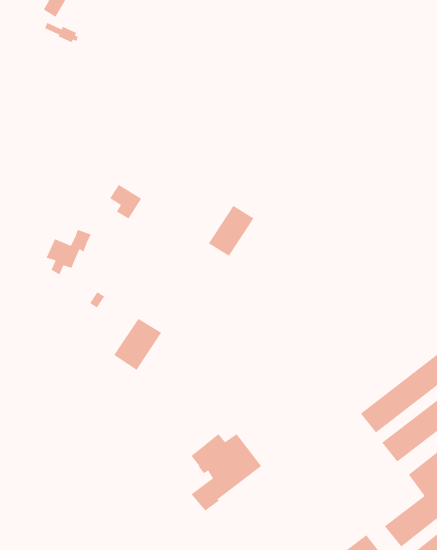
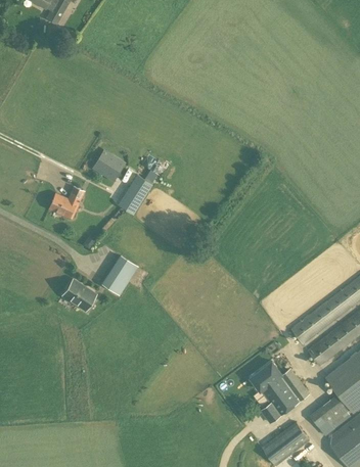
building: [208,205,254,257] -> [117,174,152,214]
building: none -> [60,278,97,312]
building: [191,433,262,511] -> [255,368,310,428]

